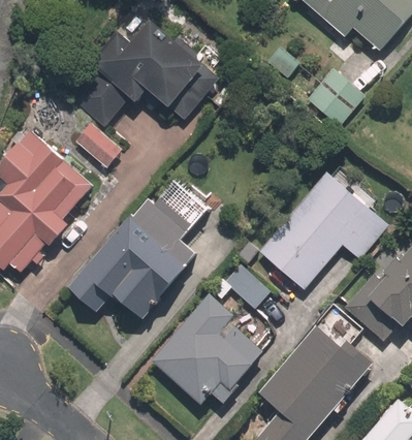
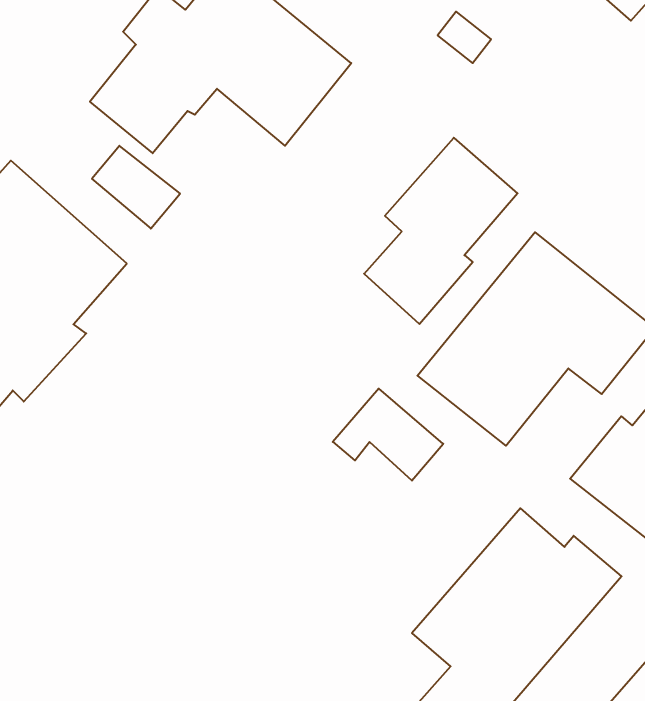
building: [306,67,366,127] -> none
building: none -> [364,138,518,324]
building: [65,177,213,320] -> none
building: [150,294,265,405] -> none

